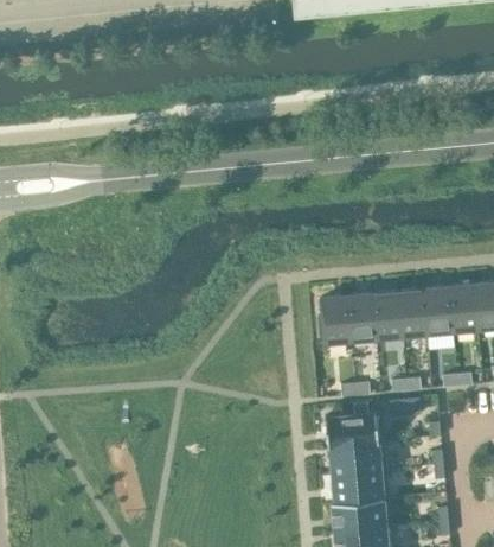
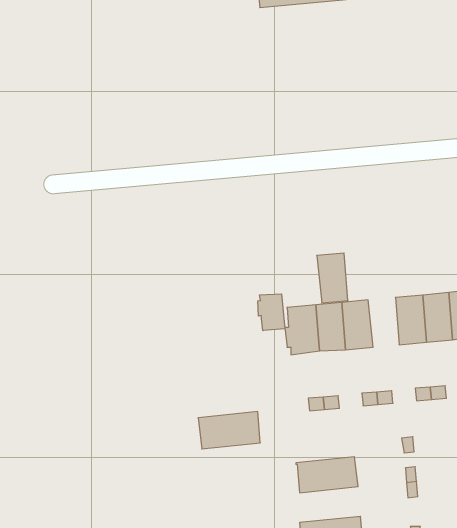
building: none -> [258,294,285,331]
building: [397,290,426,337] -> [317,253,348,303]
building: [325,412,384,447] -> [198,412,260,449]
building: [332,470,390,504] -> none

